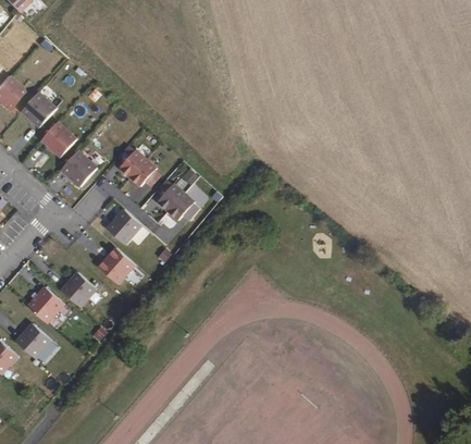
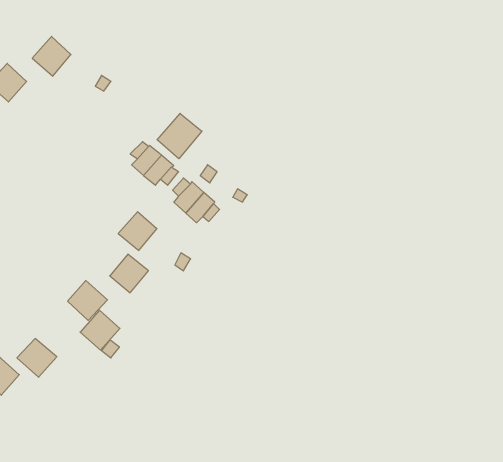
building: [22,90,57,126] -> [32,36,71,76]
building: none -> [157,113,202,159]
building: [42,121,77,156] -> none
building: [61,150,97,185] -> none
building: [28,286,64,322] -> [80,310,120,350]

